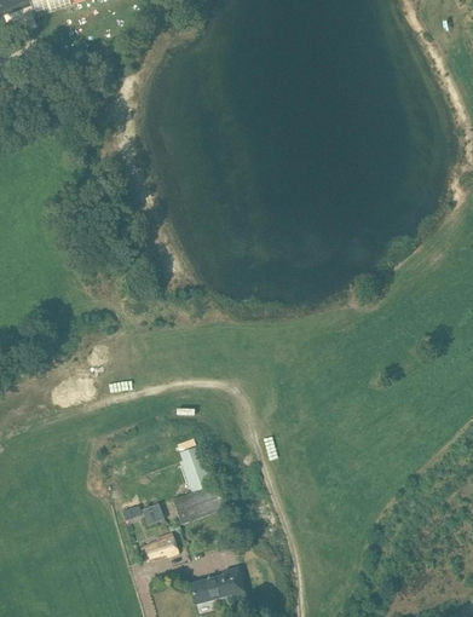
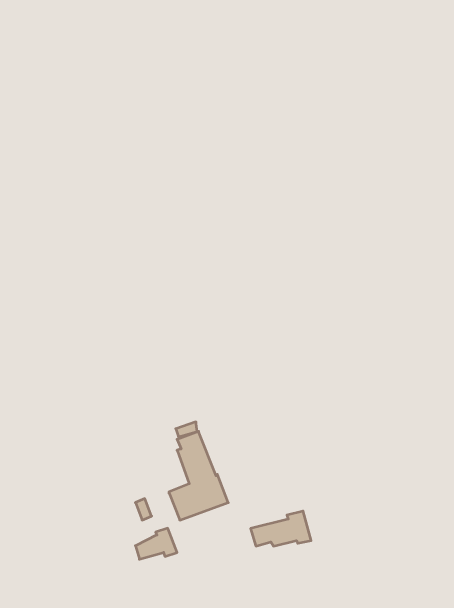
building: [190,566,244,598] -> [251,511,311,546]

